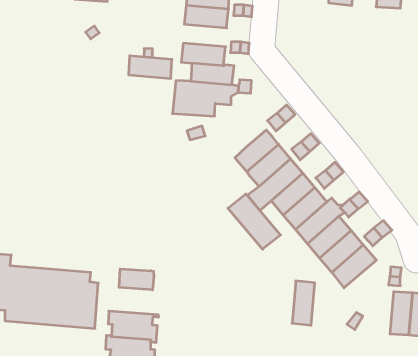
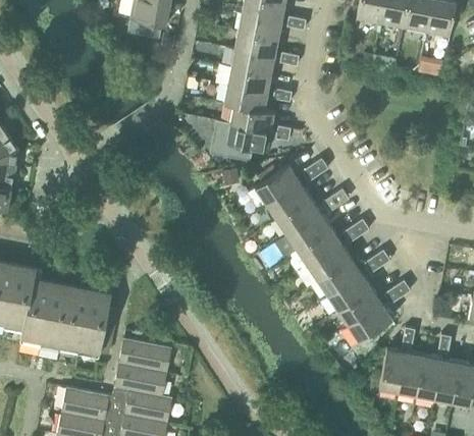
building: [129,56,172,78] -> [227,67,271,94]
building: none -> [254,163,299,203]
building: [228,194,281,249] -> none
building: [119,269,154,290] -> none
building: [292,281,315,325] -> [378,346,405,391]

